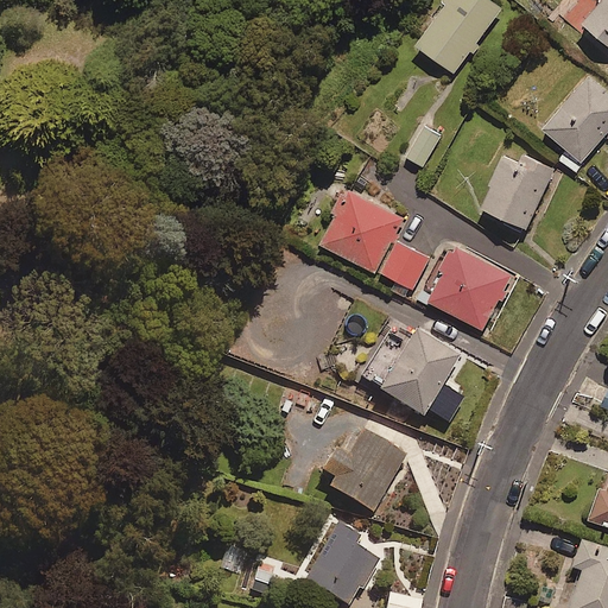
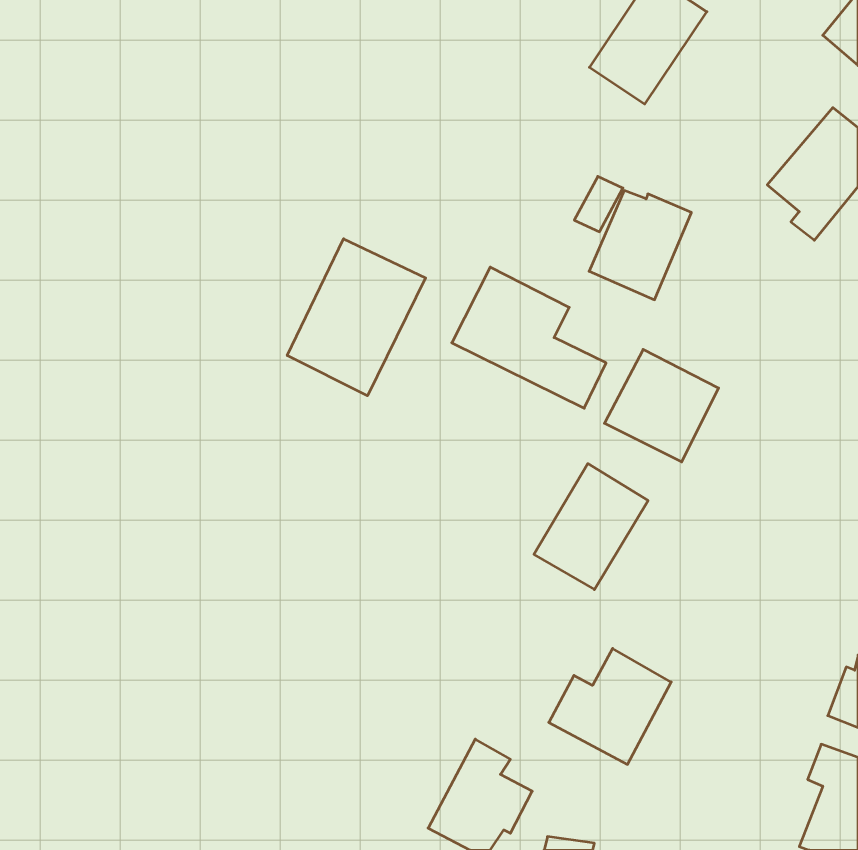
building: [480,154,552,232] -> [589,191,691,300]
building: none -> [287,239,426,396]
building: [318,429,405,511] -> [549,648,671,764]

